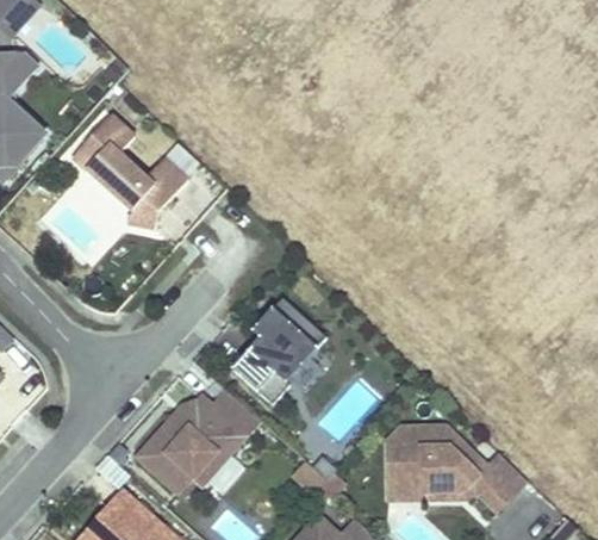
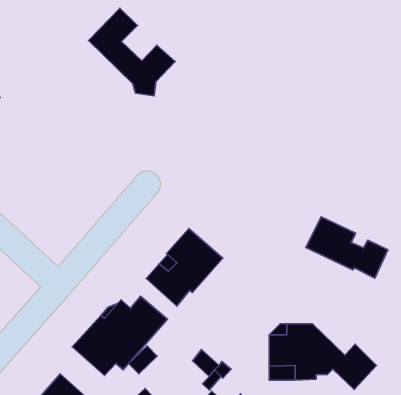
building: [74,108,186,222] -> [88,8,175,96]
building: none -> [306,217,388,278]

